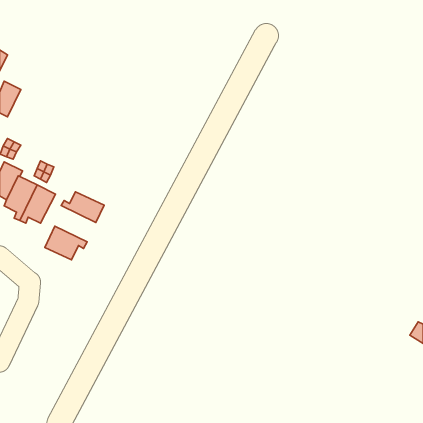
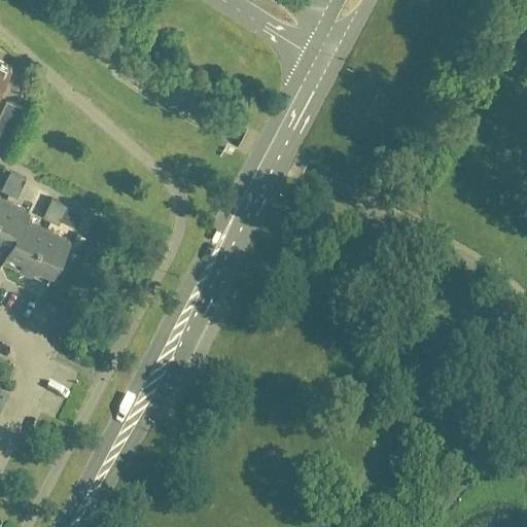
building: [61,192,104,223] -> none
building: [45,226,87,260] -> none

